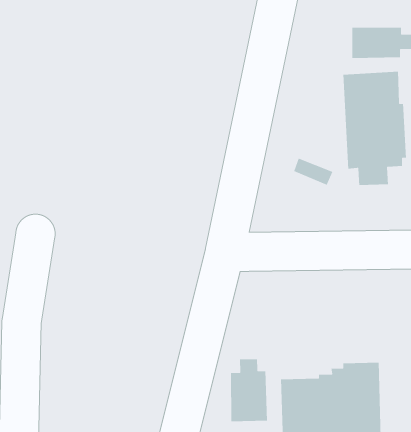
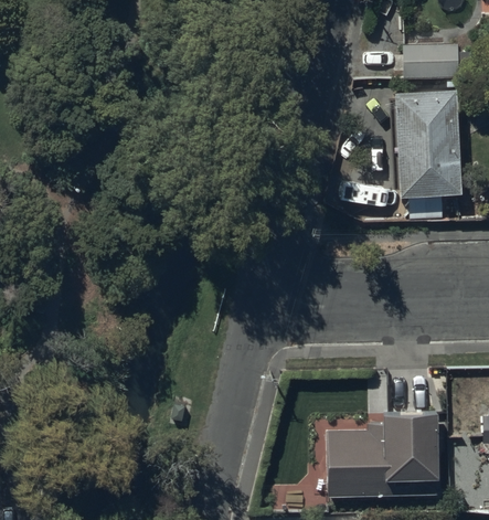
building: [230,358,268,422] -> none

